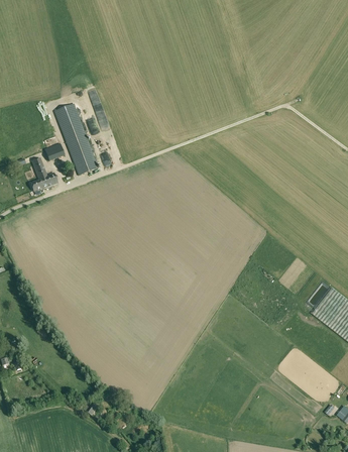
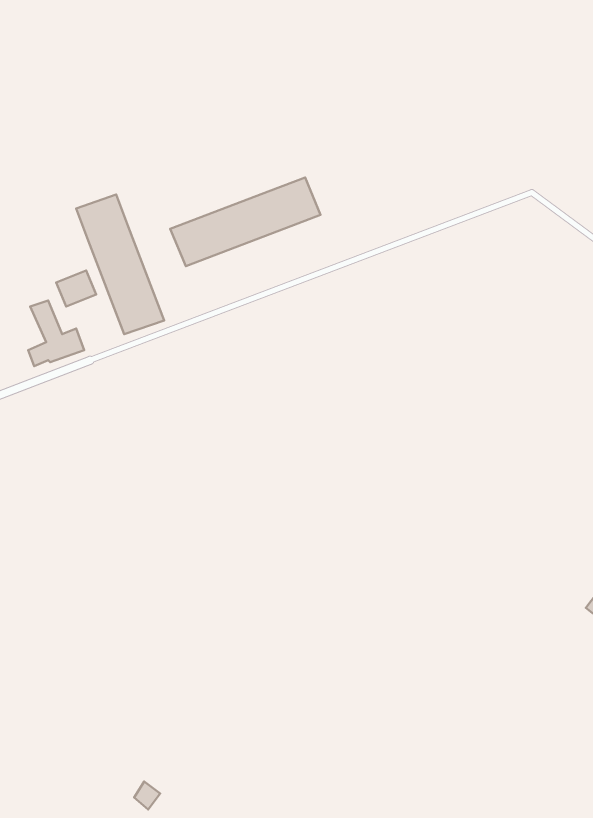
building: none -> [170,177,321,266]

